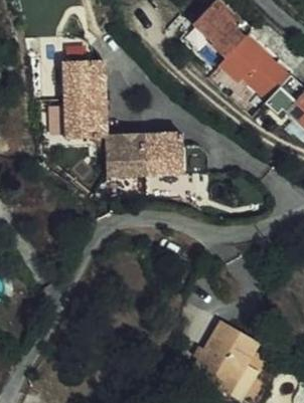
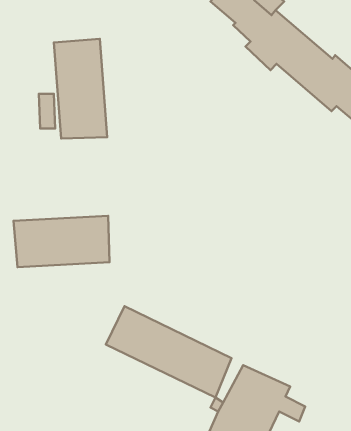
building: [106,135,183,176] -> [14,216,110,267]
building: none -> [106,306,232,398]

